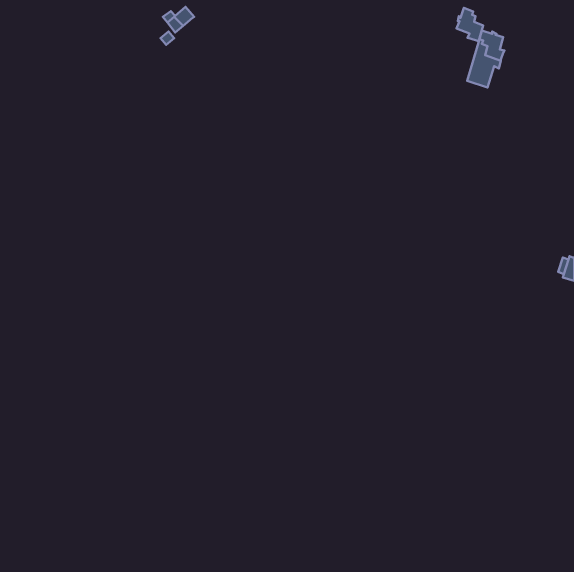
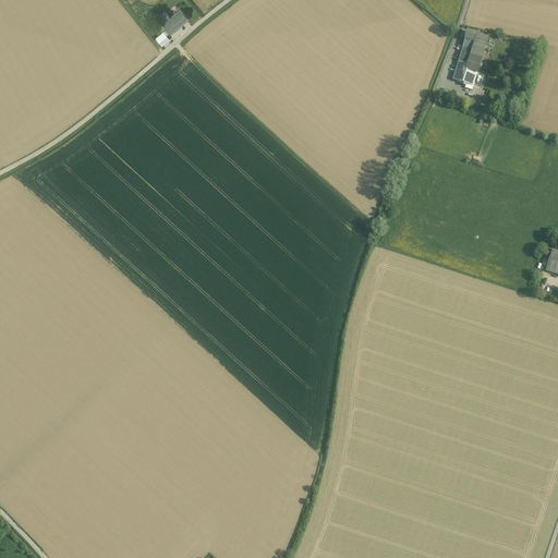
building: [457,8,483,41] -> none

